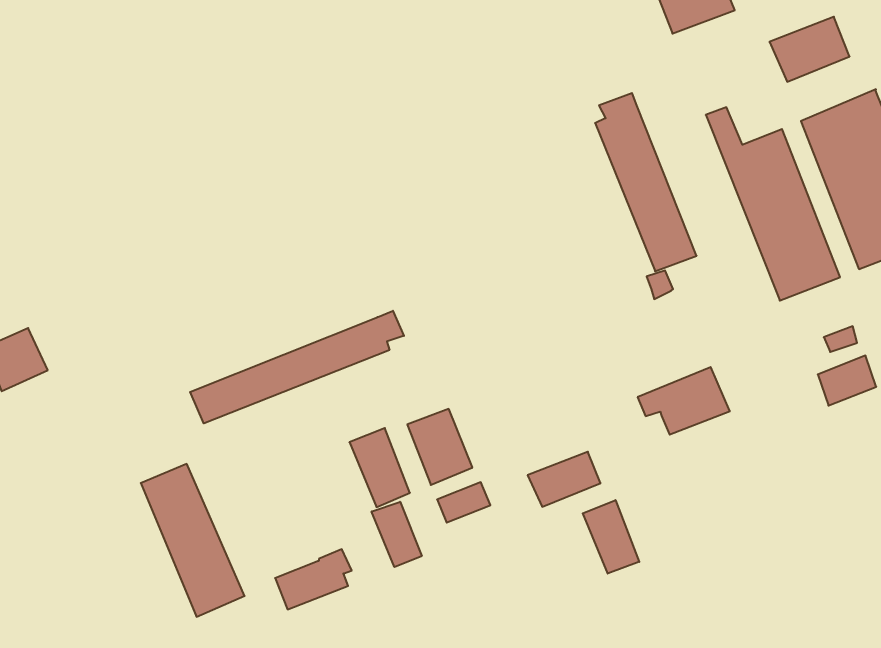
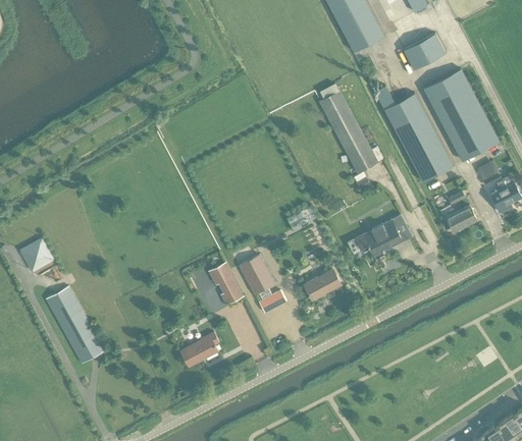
building: [190,311,404,423] -> none
building: [141,464,245,617] -> [46,287,105,365]
building: [583,500,639,574] -> none
building: [372,502,422,567] -> none

